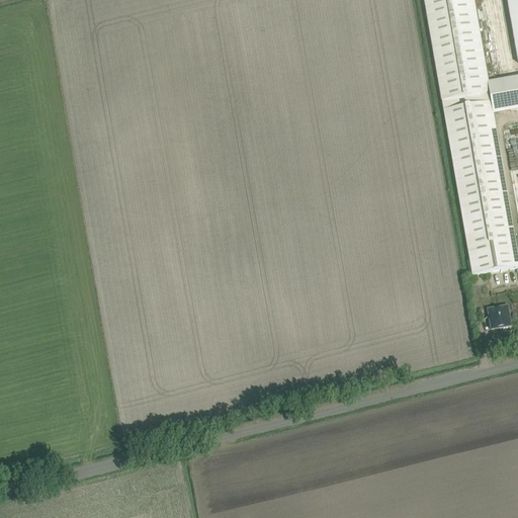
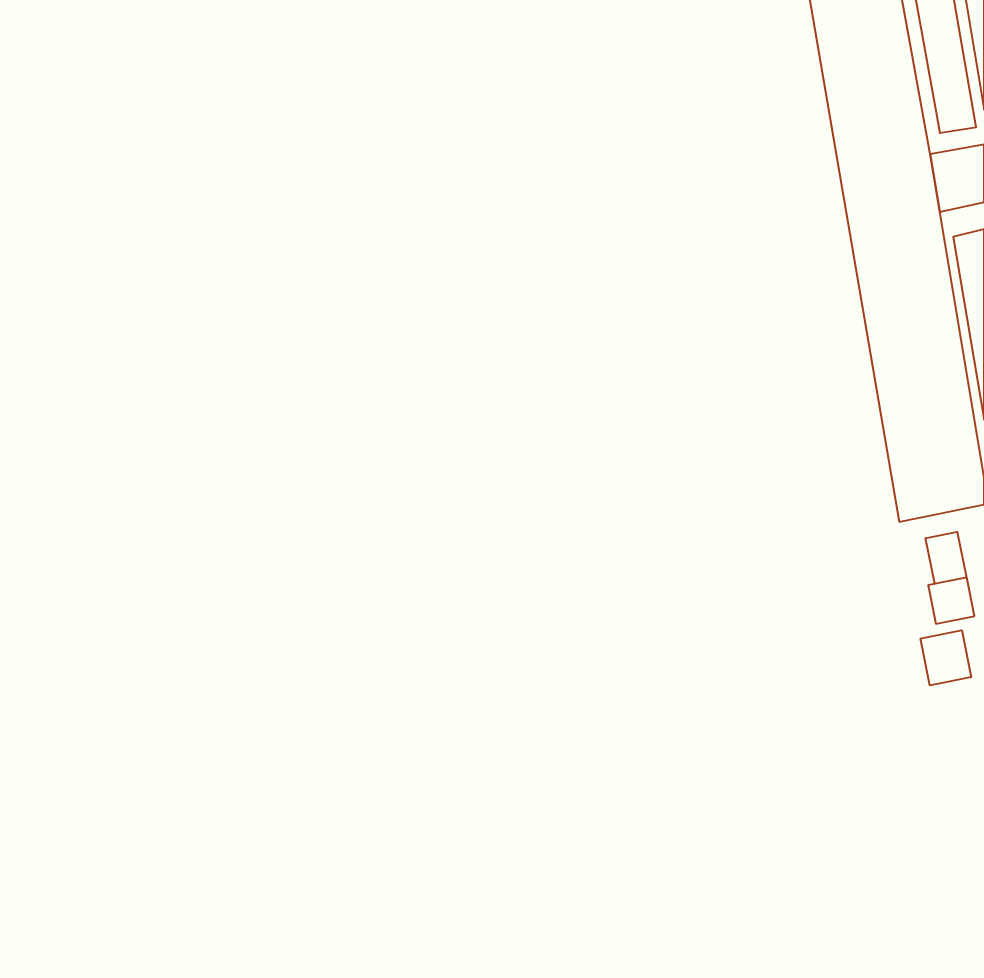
building: none -> [926,532,966,584]
building: none -> [920,630,971,685]

